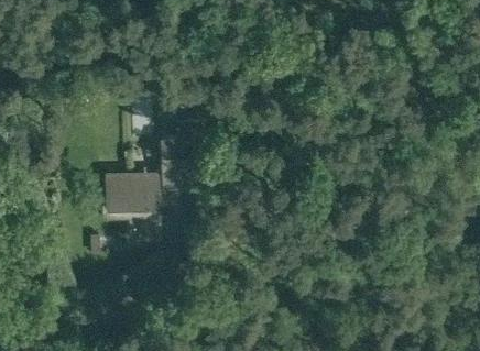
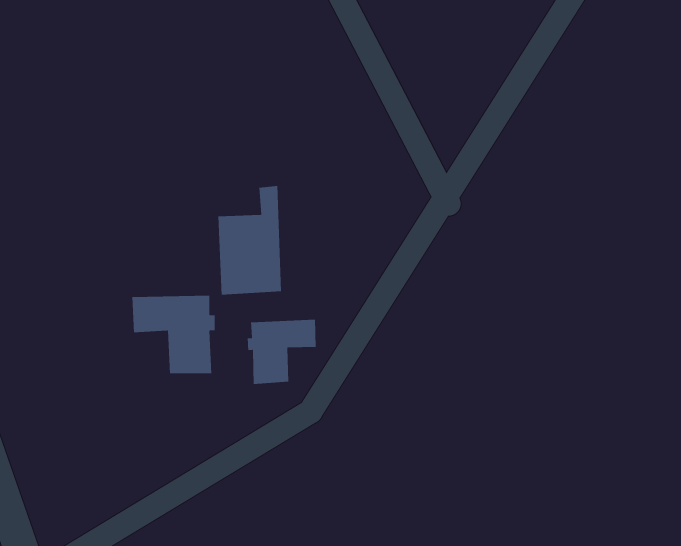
building: none -> [247,319,316,385]

